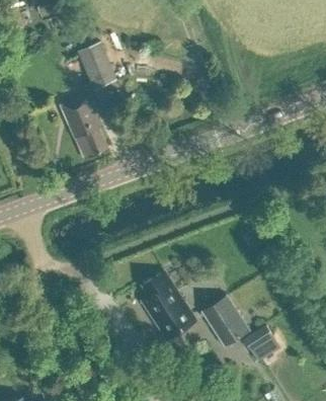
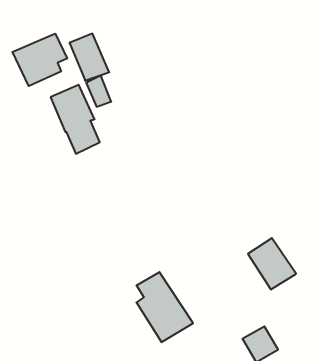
building: none -> [12,34,67,86]
building: [202,297,249,346] -> [248,238,296,289]

